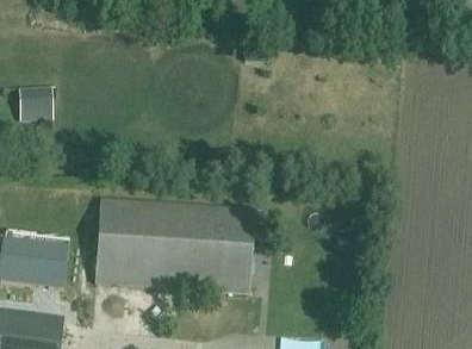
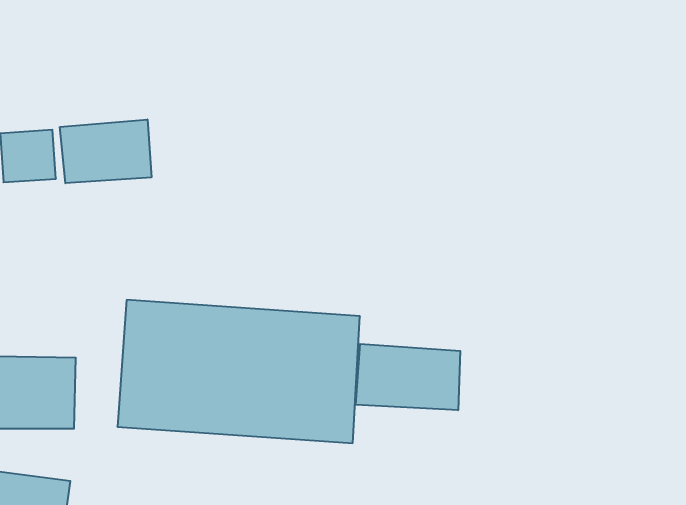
building: none -> [60,119,151,183]
building: none -> [356,344,460,410]

